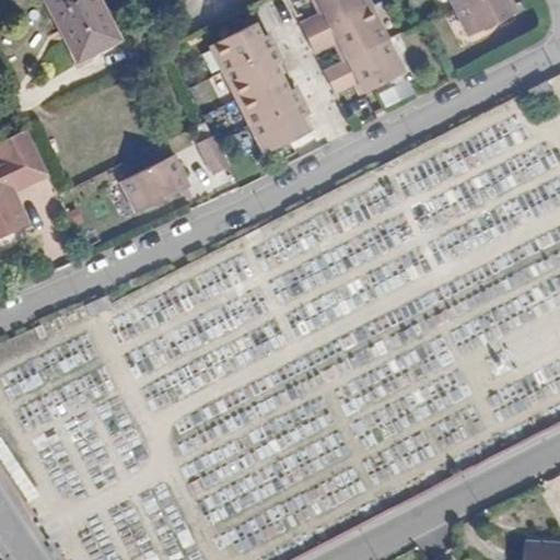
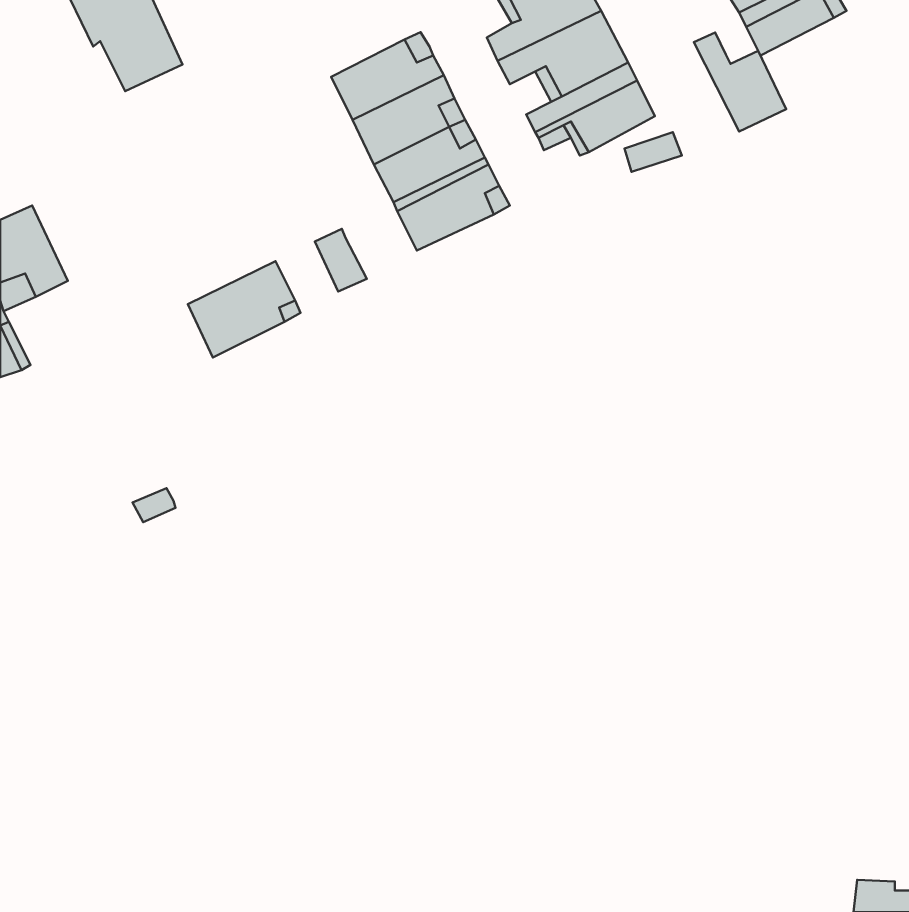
building: none -> [694,32,786,132]

